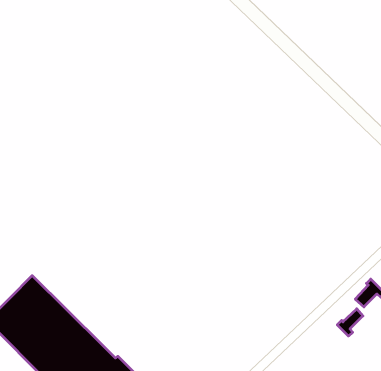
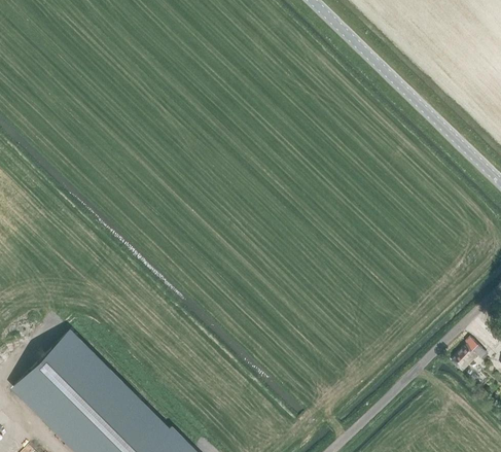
building: [337,309,363,336] -> none

